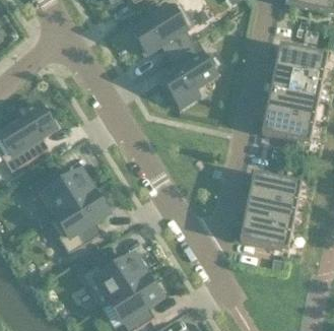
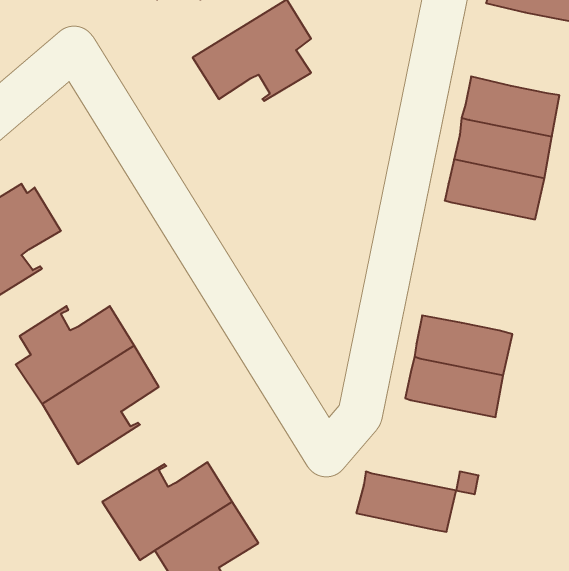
building: [158,40,218,106] -> none
building: [261,112,314,144] -> none
building: [239,218,292,251] -> [356,472,456,532]

